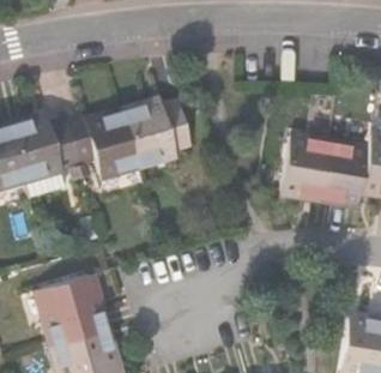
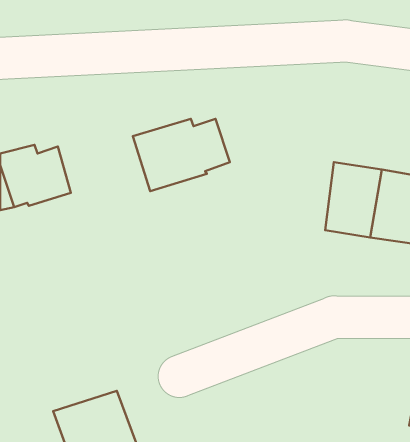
building: [54,118,131,176] -> none
building: [32,276,103,345] -> none

